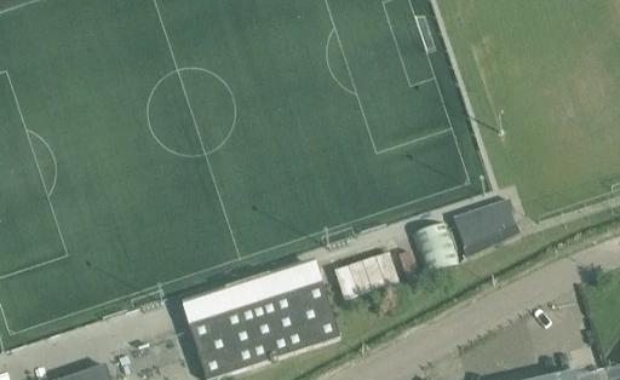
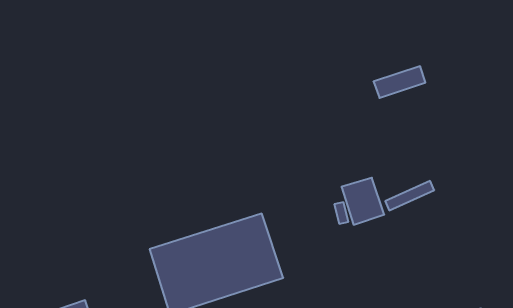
building: [452,200,513,237] -> [373,66,425,98]
building: [332,251,396,298] -> none

